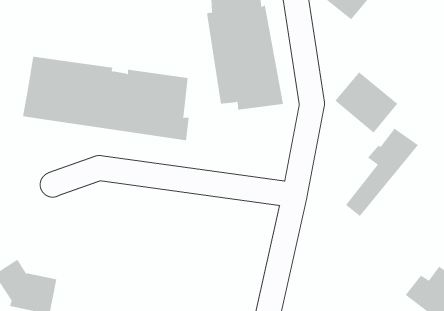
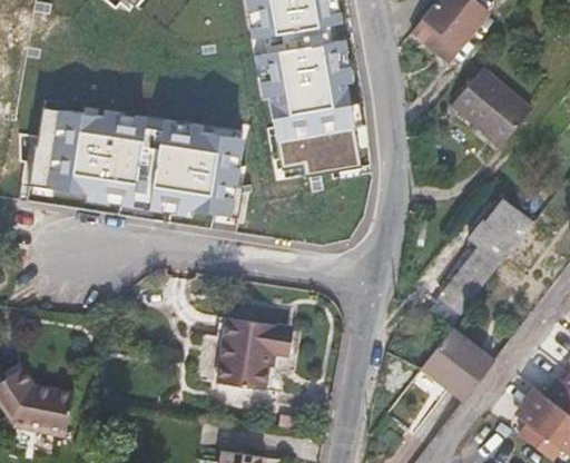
building: [334,72,398,134] -> [450,67,531,146]
building: none -> [216,317,288,390]
building: none -> [421,327,493,400]

